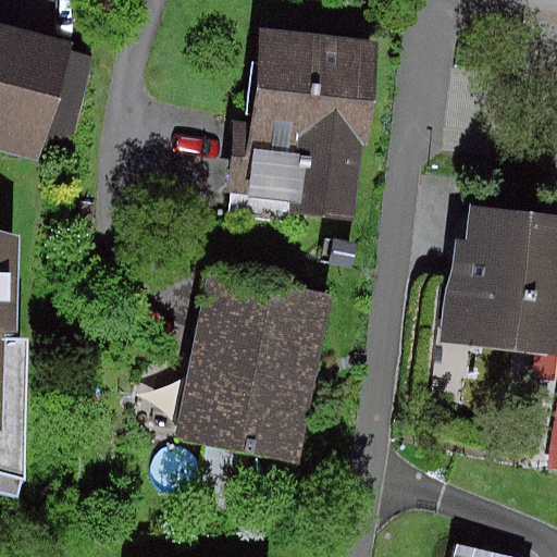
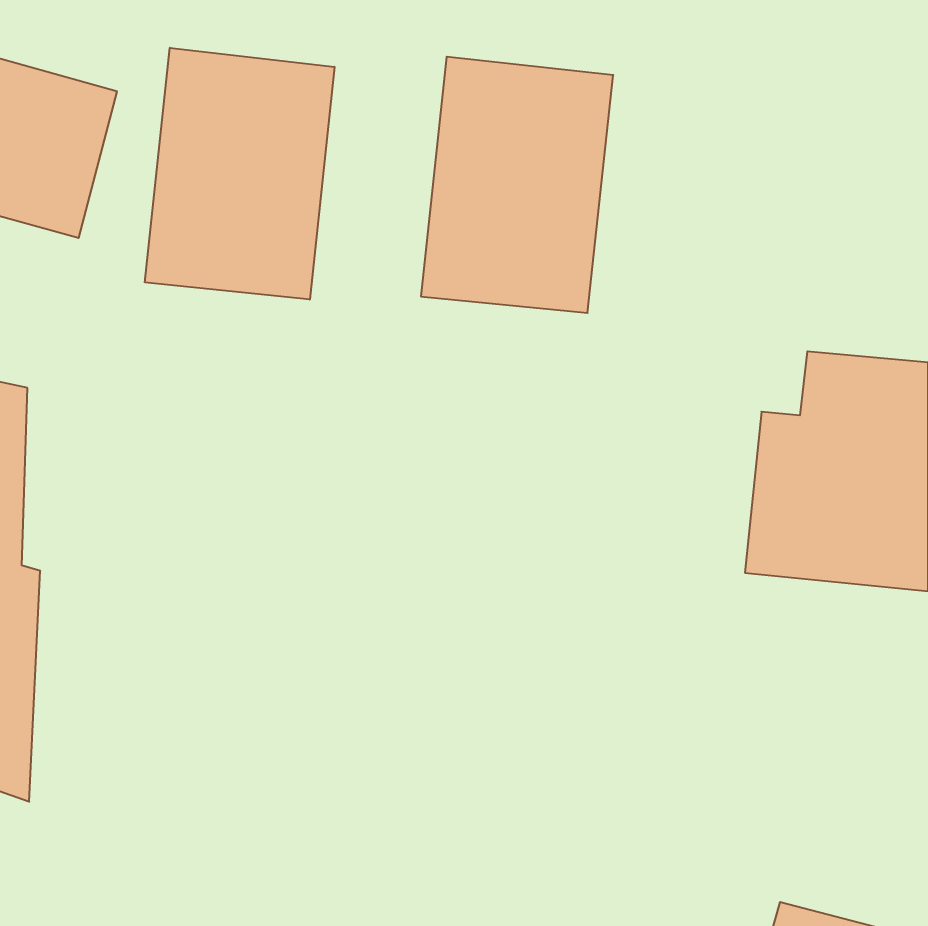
building: none -> [145,48,334,300]
building: [189,277,332,450] -> none

